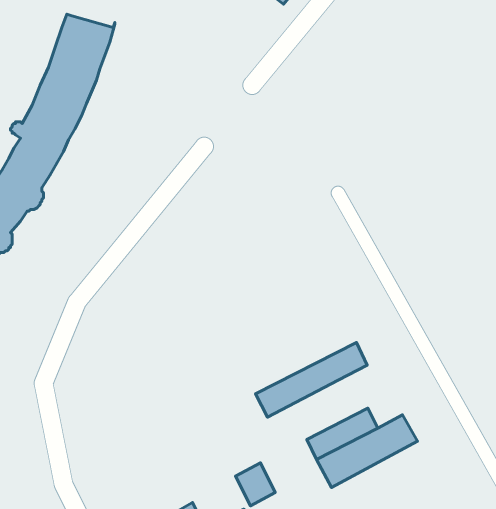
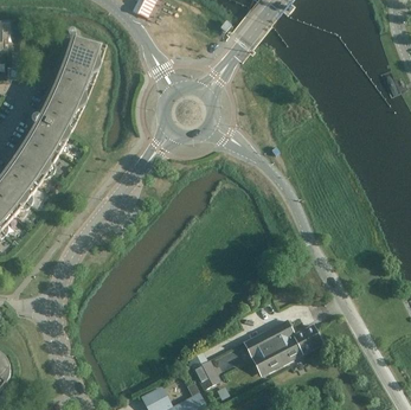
building: [255,343,367,417] -> none

